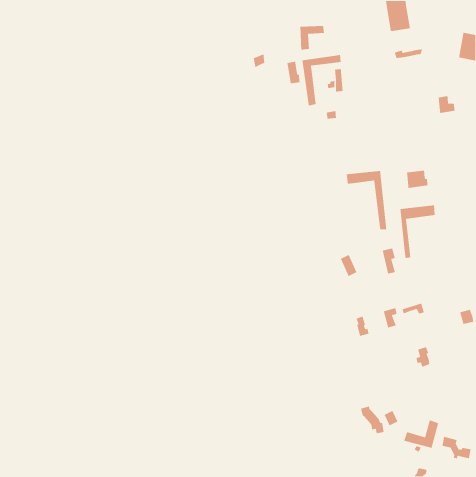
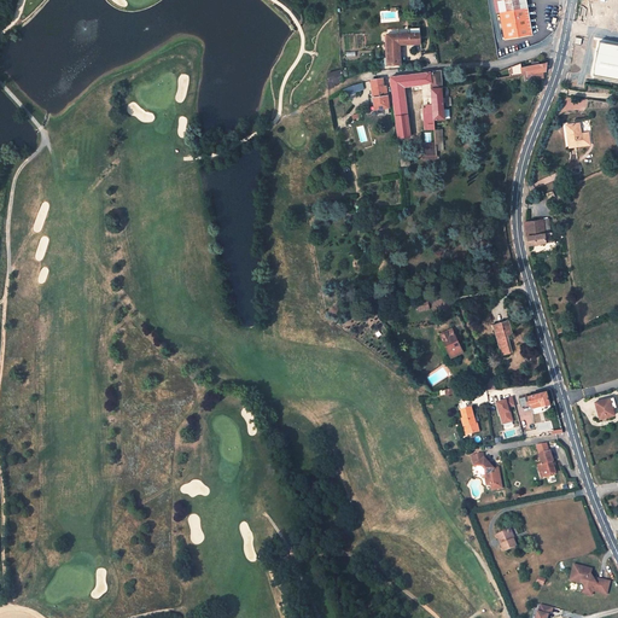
building: [346,170,387,230] -> none
building: [400,205,435,259] -> none
building: [360,405,385,434] -> [471,453,502,490]
building: [403,419,439,449] -> none

